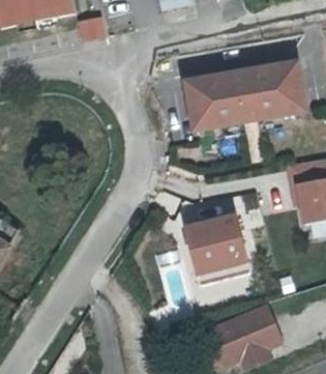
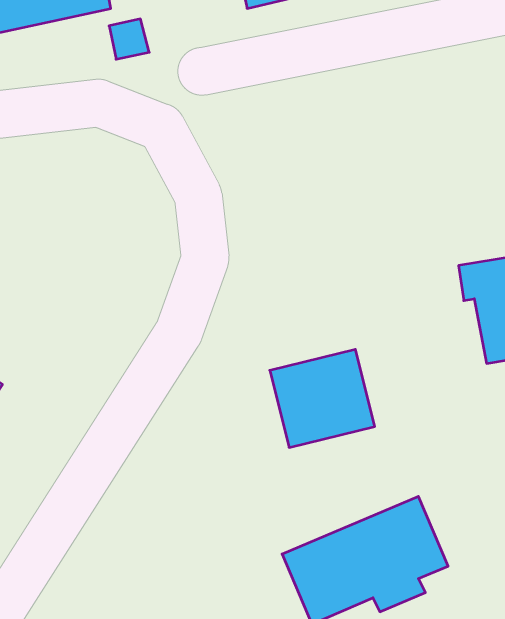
building: [182,66,299,130] -> none

